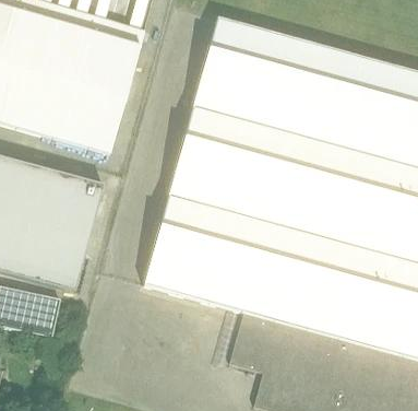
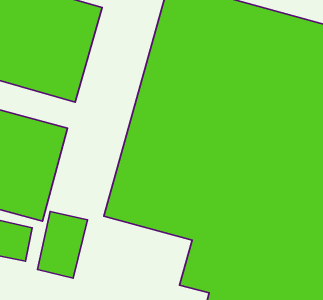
building: none -> [37,211,87,278]

